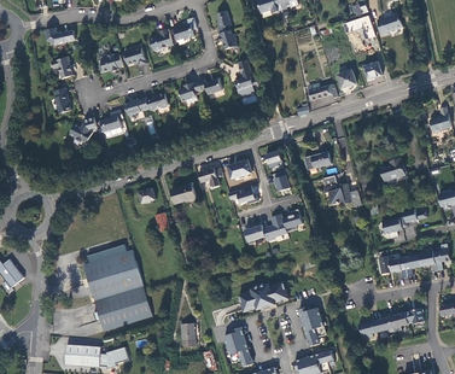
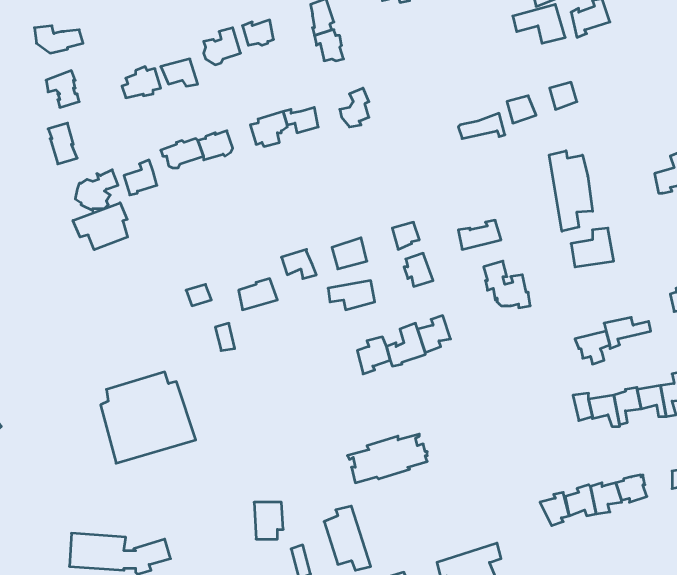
building: none -> [549,151,593,231]
building: none -> [73,203,128,250]
building: [95,286,154,331] -> none
building: [298,306,327,347] -> none

